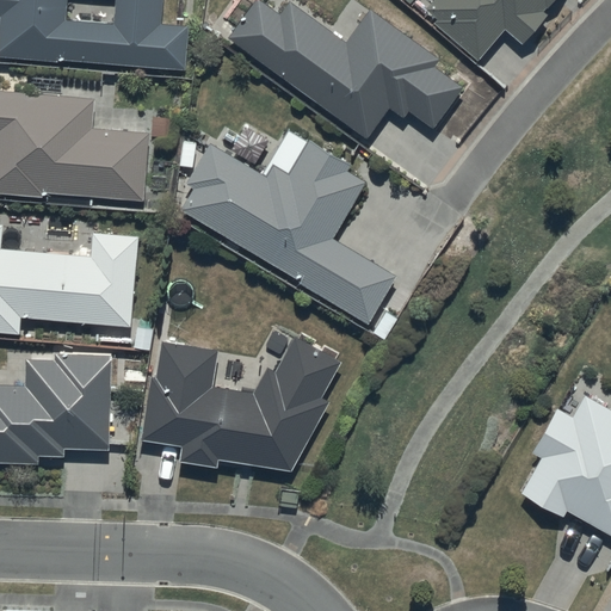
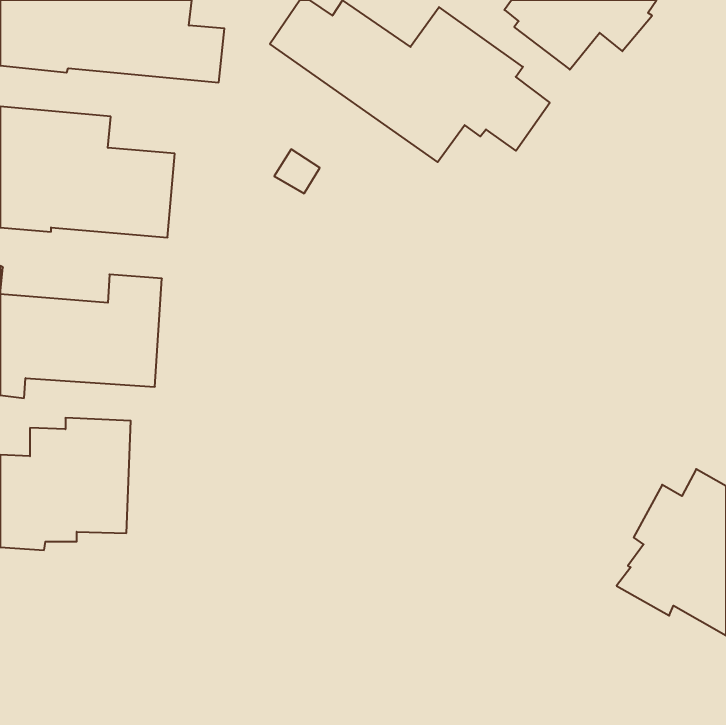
building: [180,129,395,323] -> none
building: [140,335,340,470] -> none

